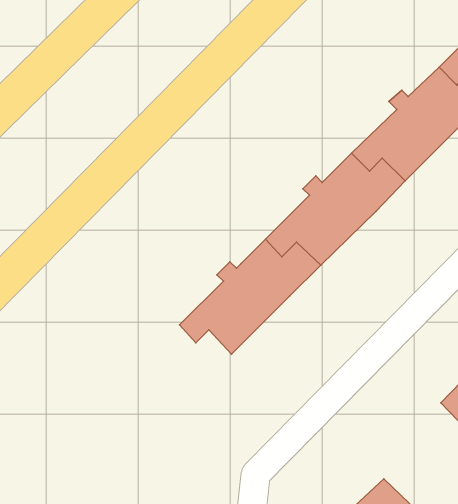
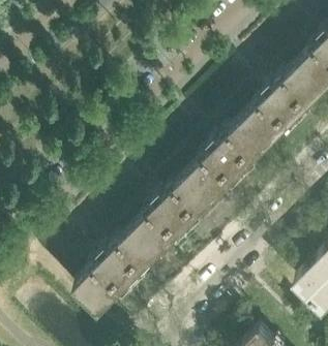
building: none -> [74,227,162,308]

